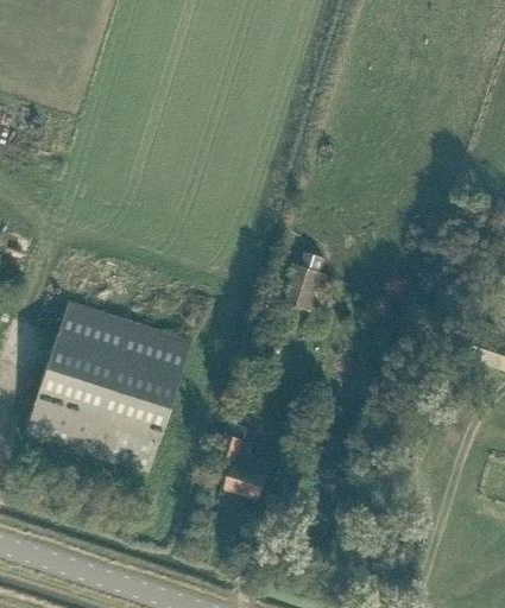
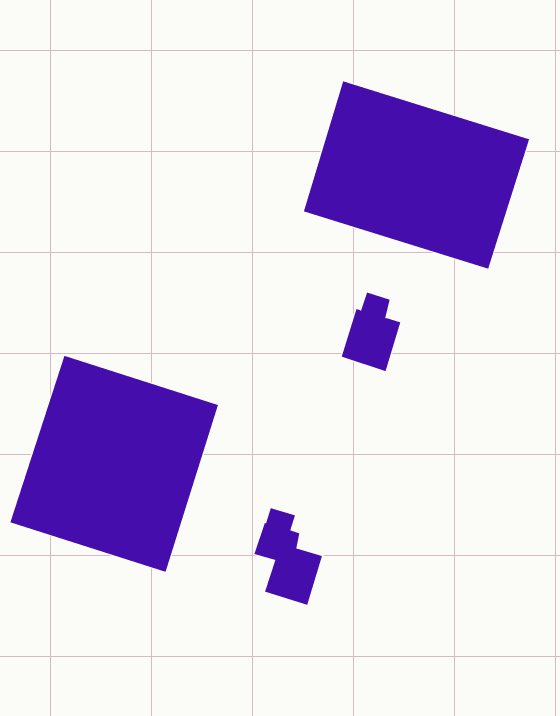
building: none -> [303,80,530,270]

